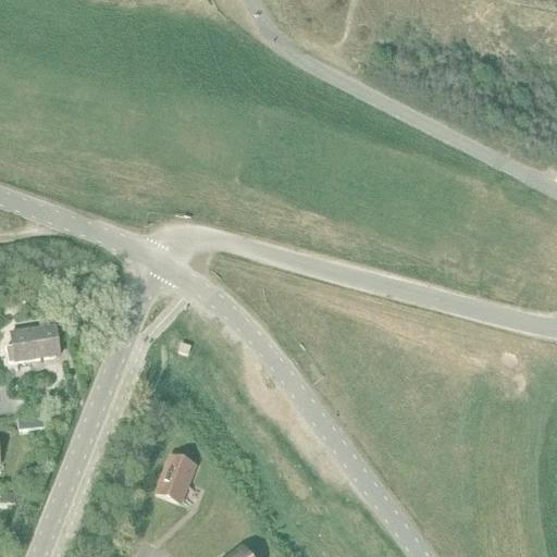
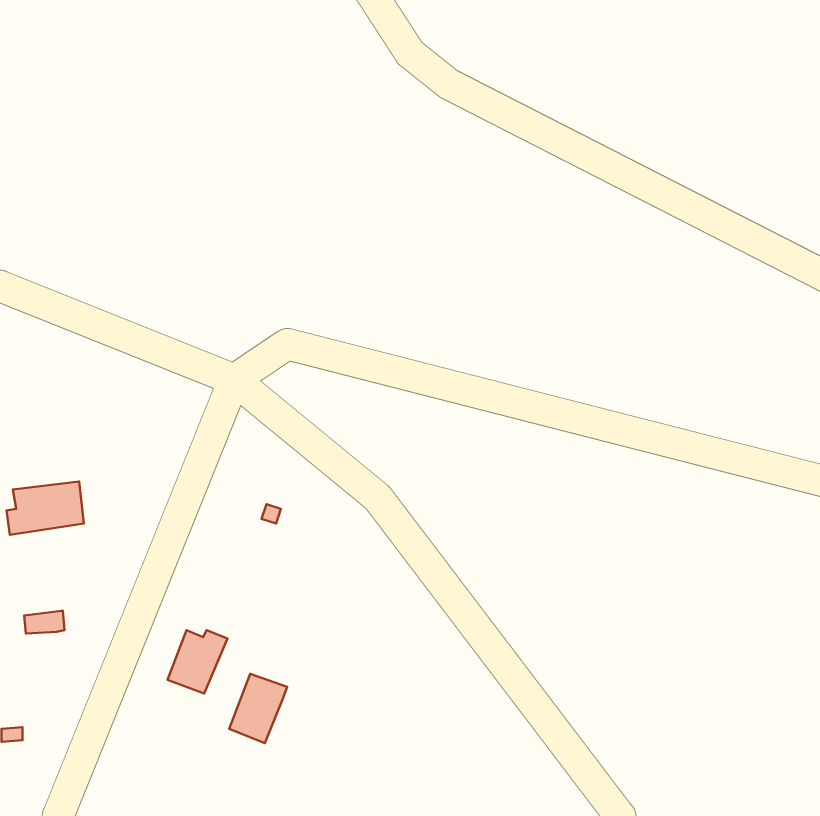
building: none -> [168,630,227,693]

